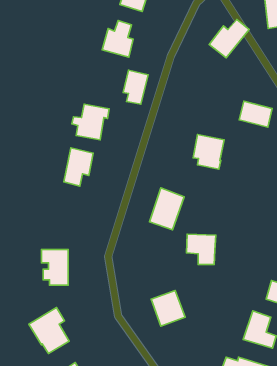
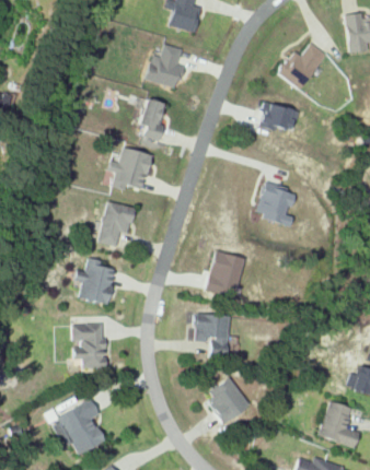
building: [123,70,148,104] -> [138,98,169,140]
building: [239,101,272,127] -> [258,101,299,132]
building: none -> [79,258,115,306]
building: [186,234,216,265] -> [194,316,230,353]

